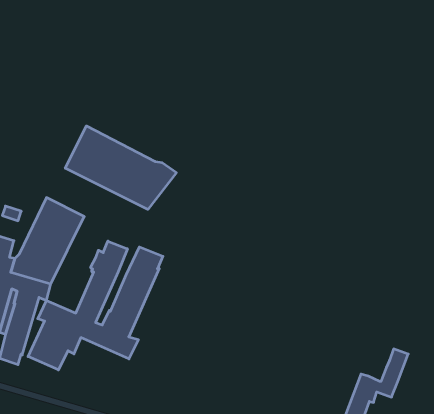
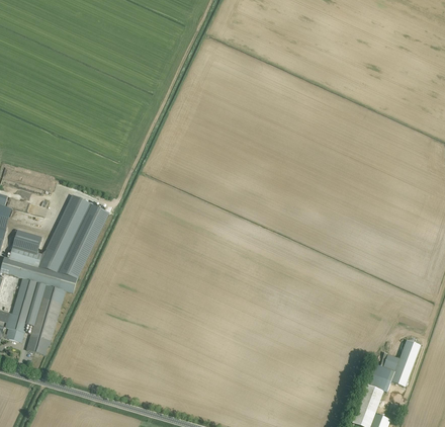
building: [65,126,176,209] -> none
building: [28,241,163,370] -> none

